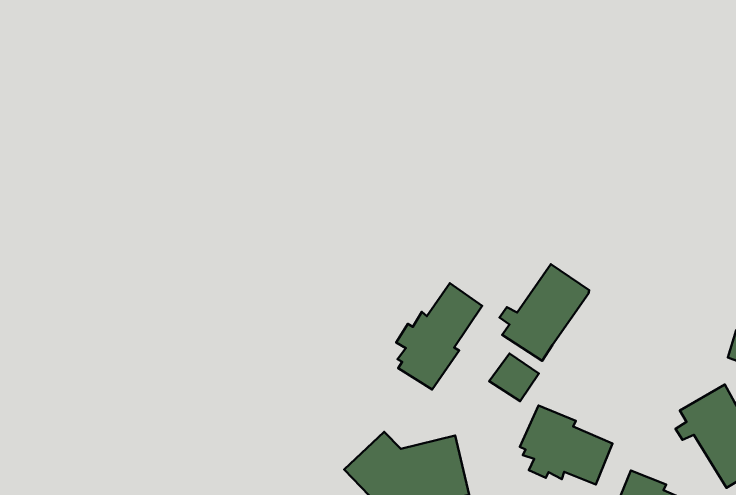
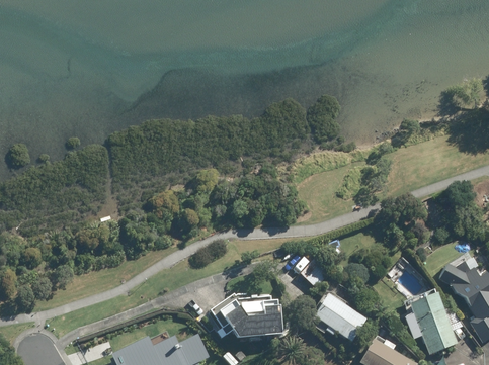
building: [500,264,589,361] -> none
building: [396,283,482,390] -> none

